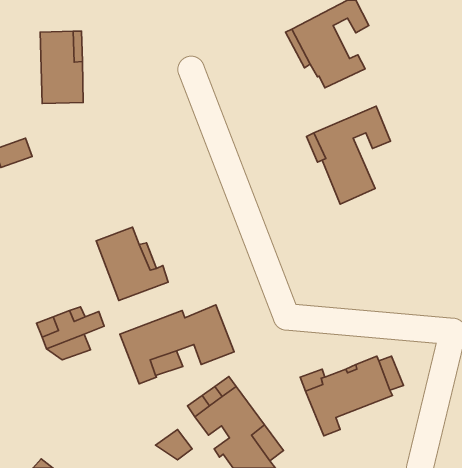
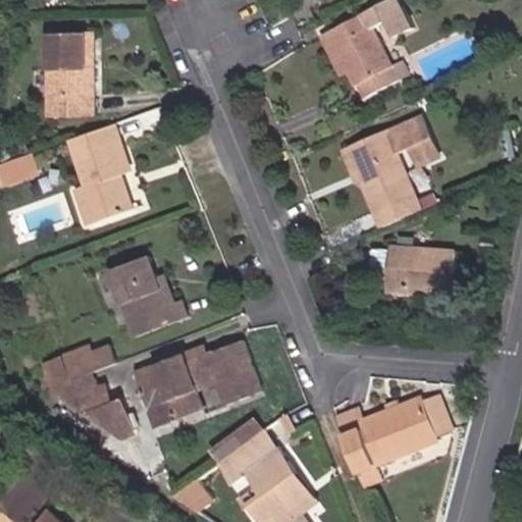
building: none -> [68,124,130,225]
building: none -> [368,246,452,293]
building: none -> [69,385,135,439]

